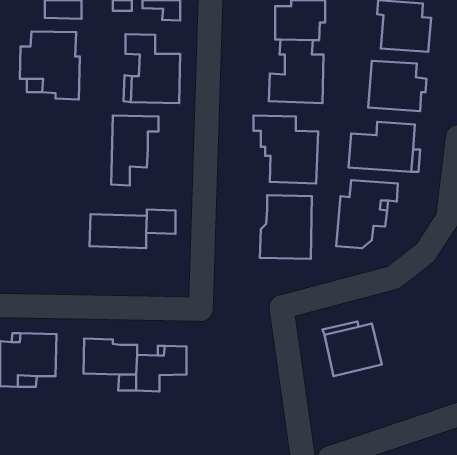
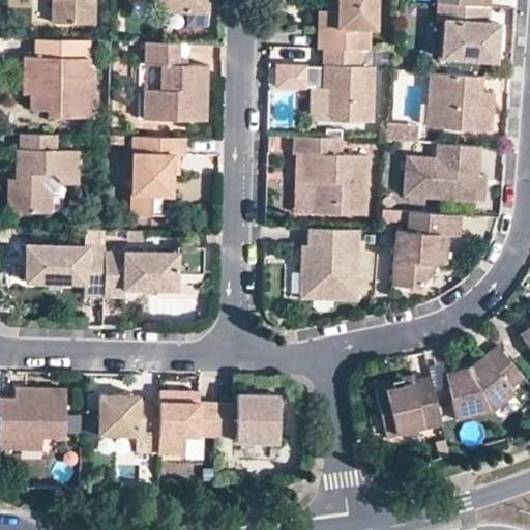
building: none -> [277,66,330,89]
building: none -> [9,134,81,214]
building: none -> [25,244,106,296]
building: none -> [446,346,525,421]
building: none -> [216,394,281,444]

